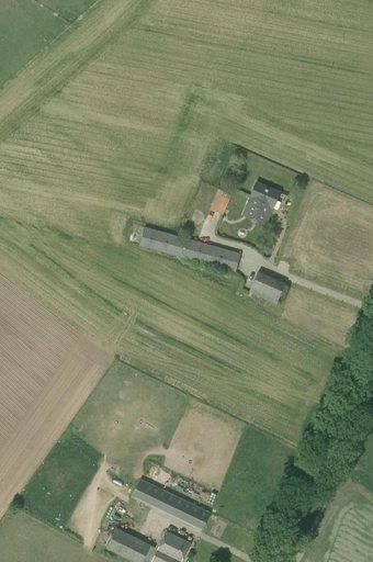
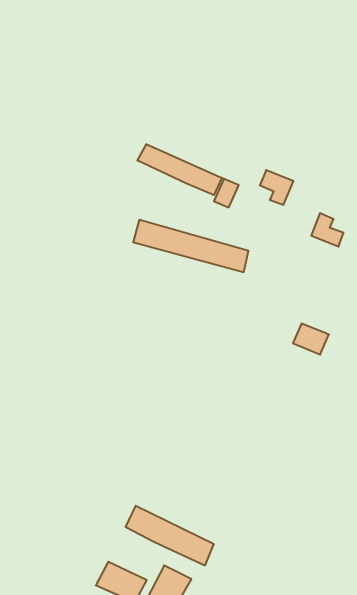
building: none -> [137,144,222,195]
building: [242,194,271,224] -> [311,213,344,247]
building: [251,272,283,300] -> [293,323,329,355]

